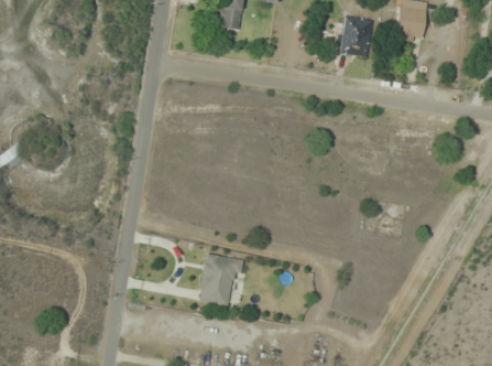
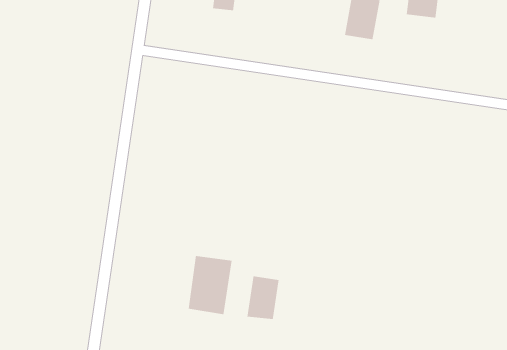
building: none -> [247,275,279,320]

